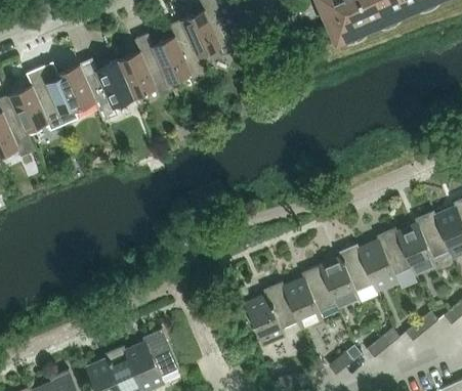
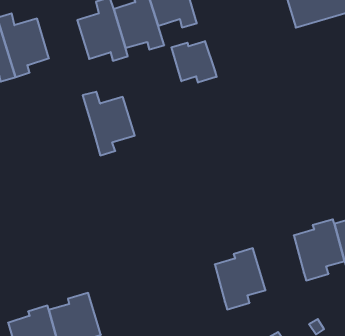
building: [78,59,134,122] -> [83,92,135,155]
building: none -> [171,41,217,83]
building: [319,245,372,309] -> none
building: [244,283,297,346] -> none

